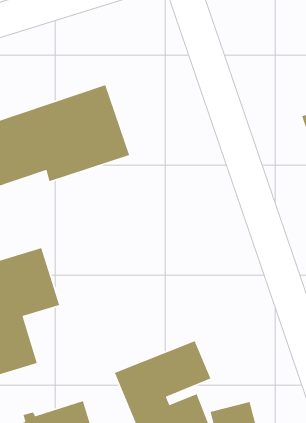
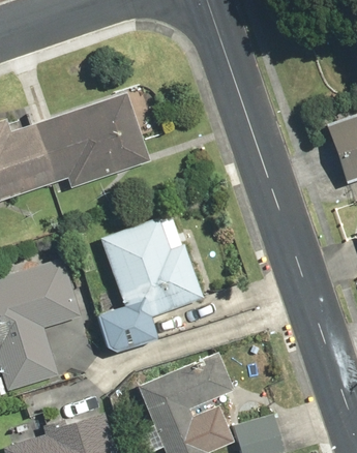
building: none -> [96,216,204,351]

